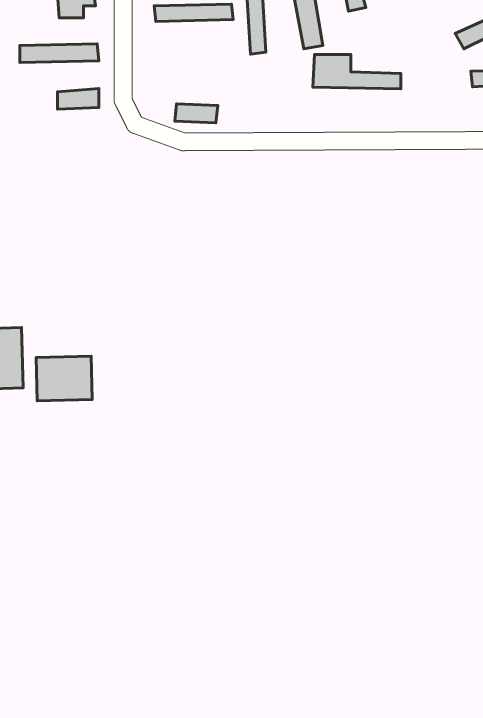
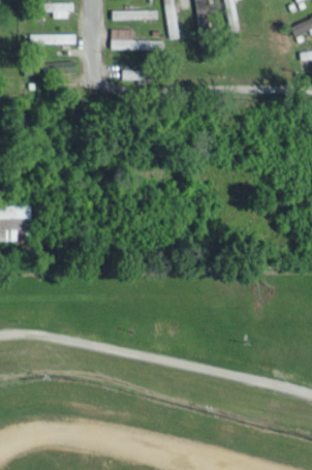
building: [313,55,401,89] -> [111,30,163,51]
building: [36,356,92,401] -> none

